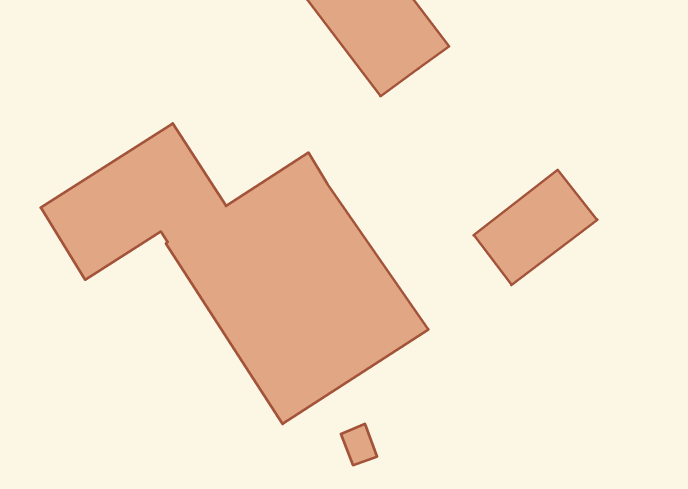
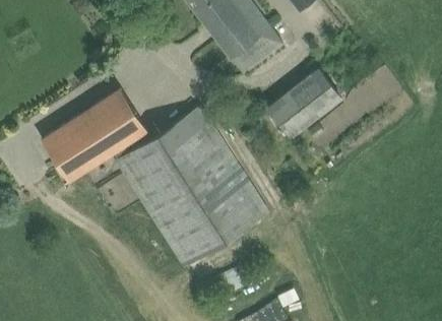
building: [474,170,597,285] -> [268,68,341,136]

